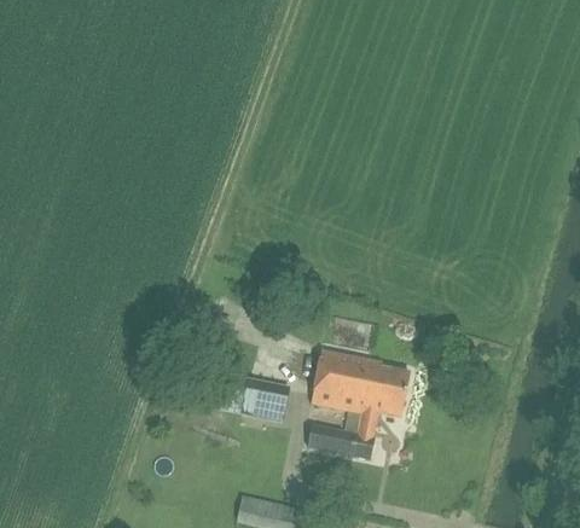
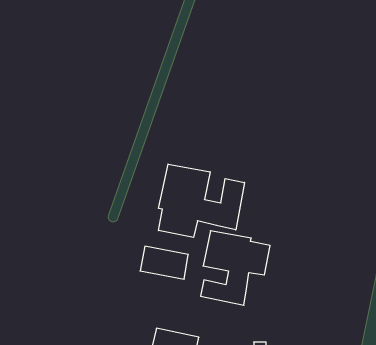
building: none -> [159,164,244,237]

